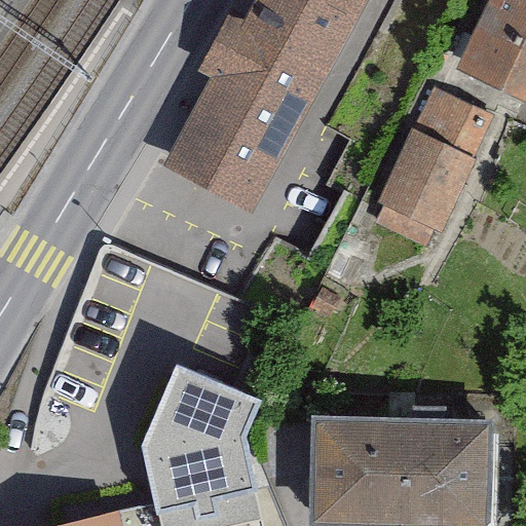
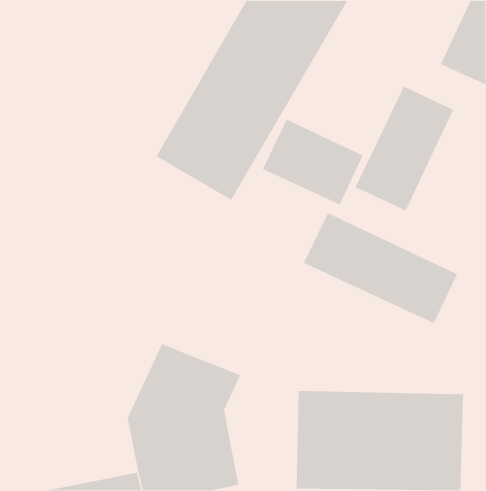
building: none -> [262,119,364,206]
building: none -> [303,212,458,324]

